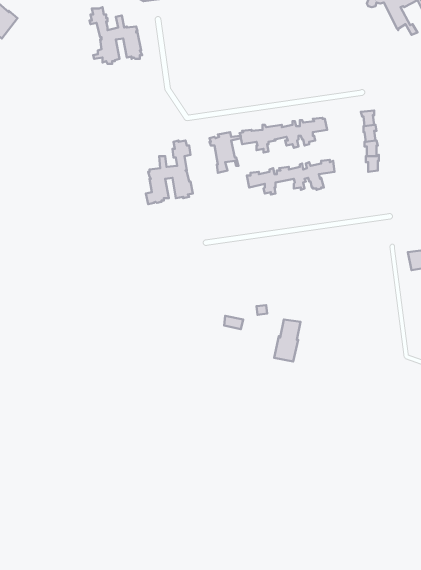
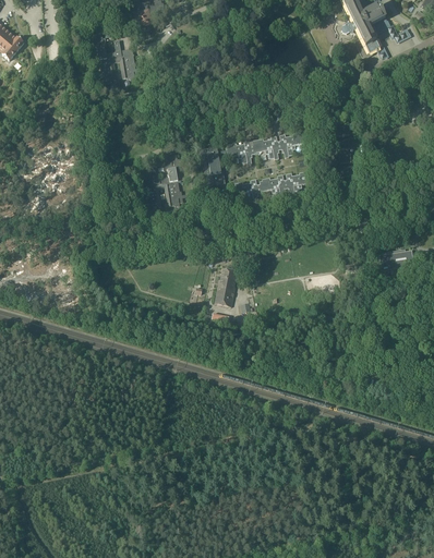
building: [274,320,301,362] -> [214,267,238,305]

